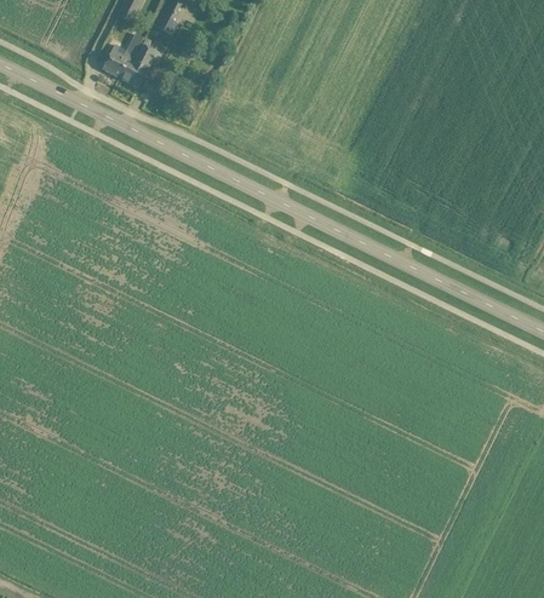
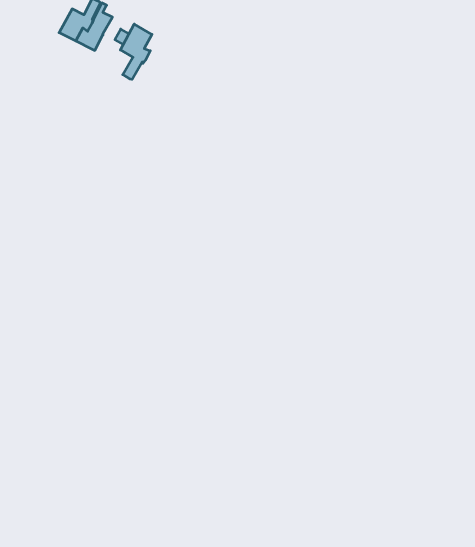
building: none -> [120,24,152,79]

